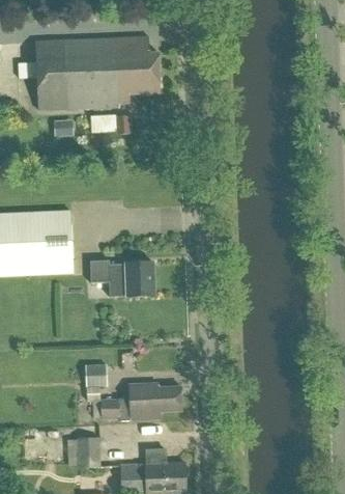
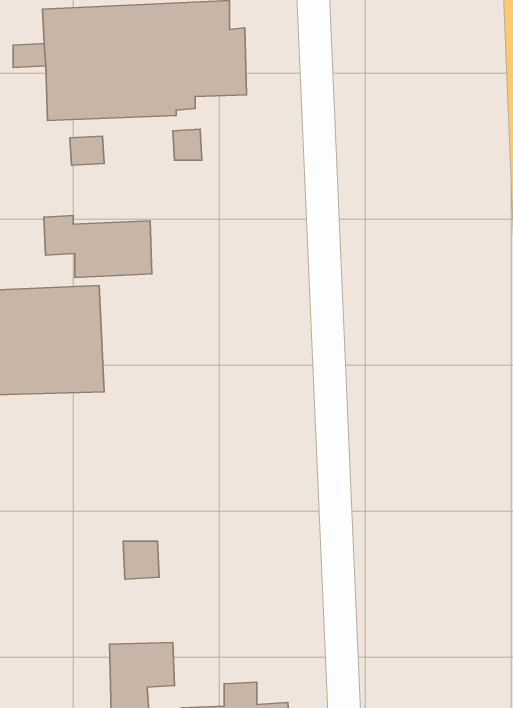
building: [90,259,155,297] -> [44,216,152,277]
building: [100,382,183,419] -> none

